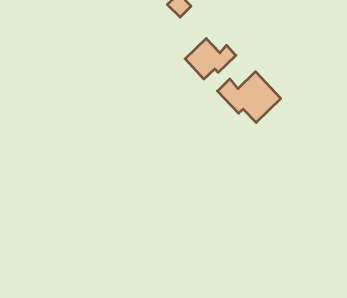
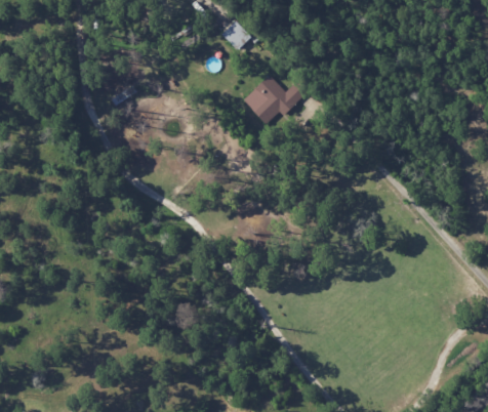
building: [217,72,281,123] -> none

